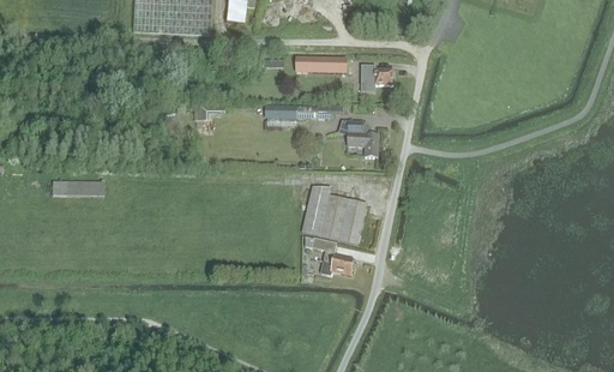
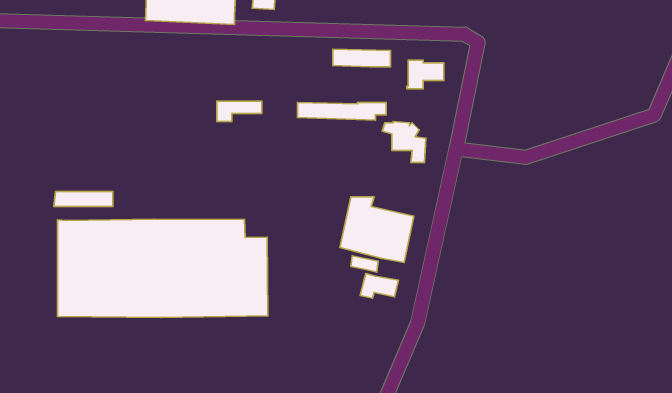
building: none -> [58,219,268,318]

